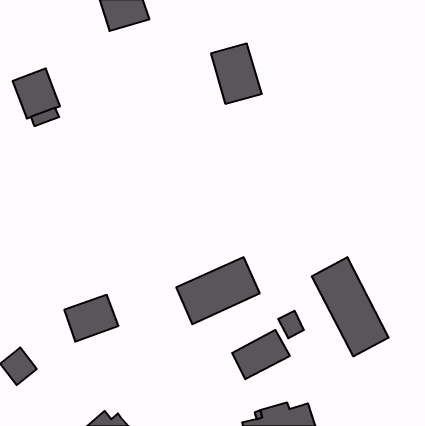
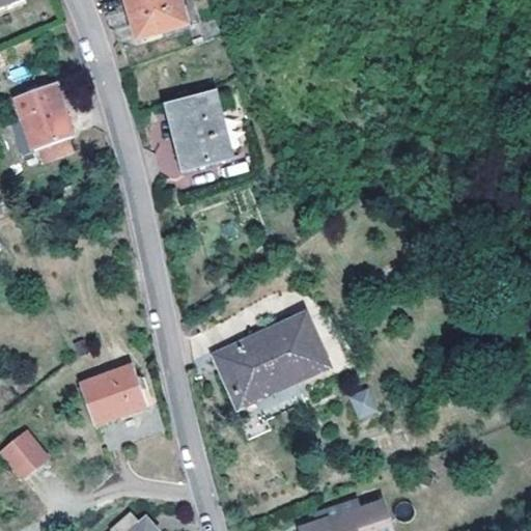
building: [211,44,262,104] -> [166,93,229,168]
building: [312,257,389,356] -> none
building: [232,330,290,379] -> none

